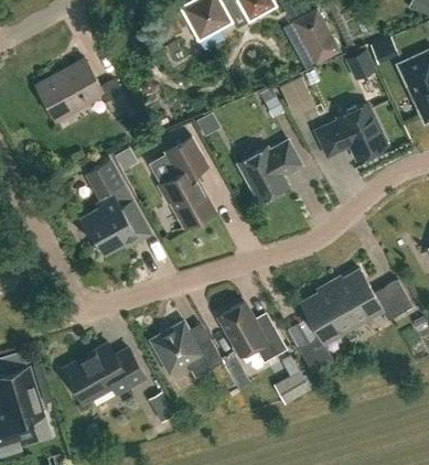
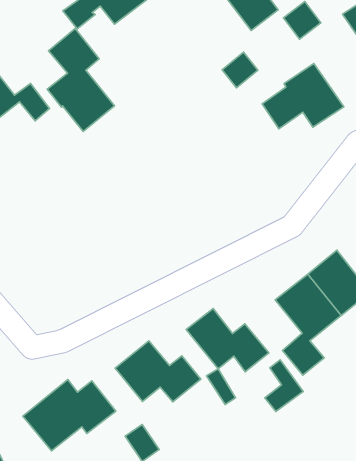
building: [158,137,214,227] -> [47,29,115,131]
building: [237,140,301,202] -> none
building: [78,161,151,255] -> none

